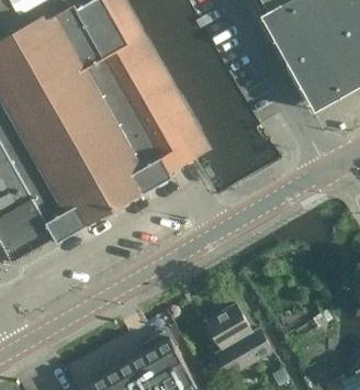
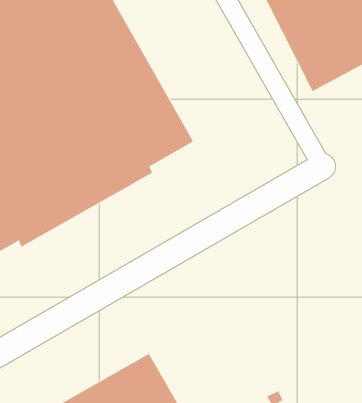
building: [203,303,270,376] -> none

